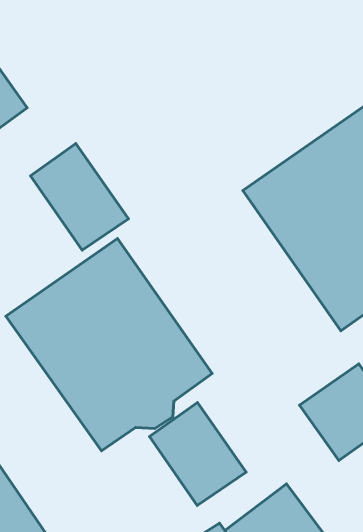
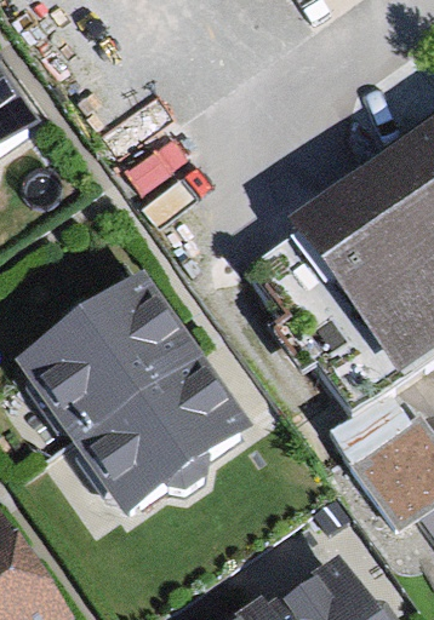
building: [30,144,128,250] -> none
building: [150,403,246,506] -> none

